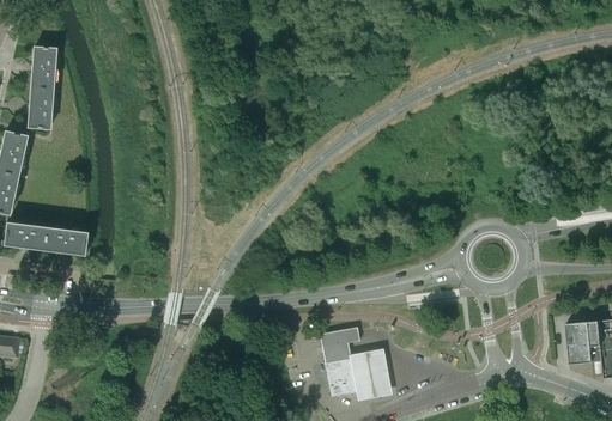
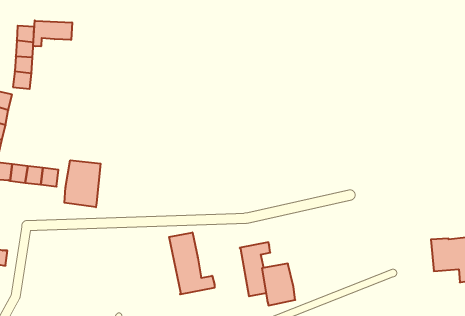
building: none -> [33,20,72,46]
building: none -> [64,160,101,207]
building: none -> [169,232,215,294]

